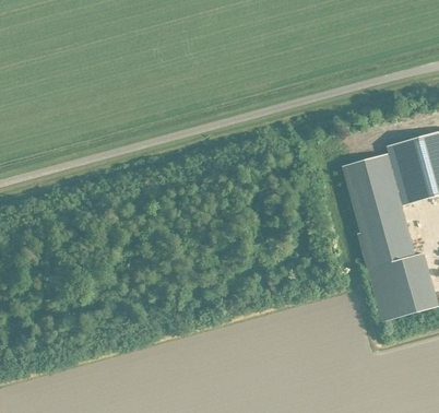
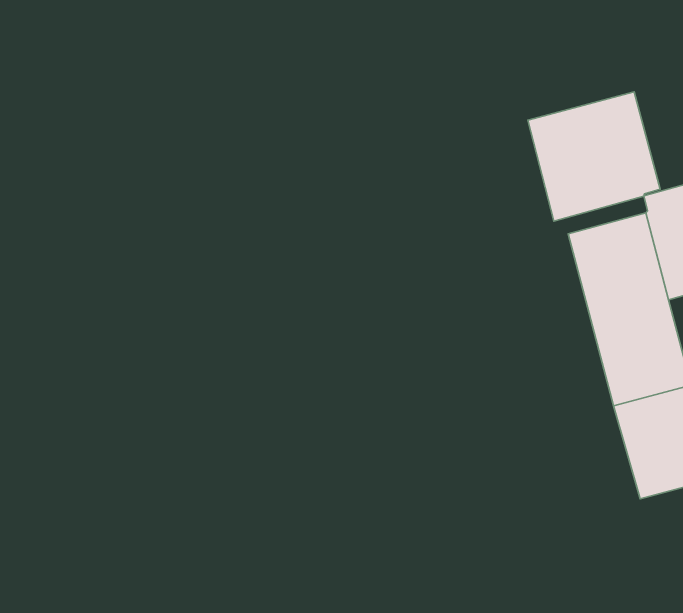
building: none -> [528,92,660,221]

